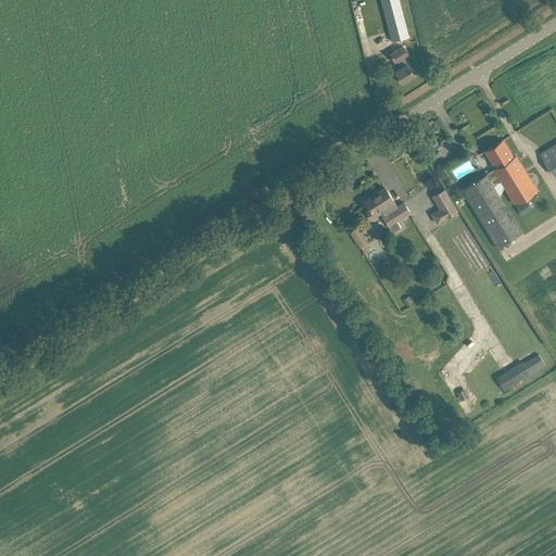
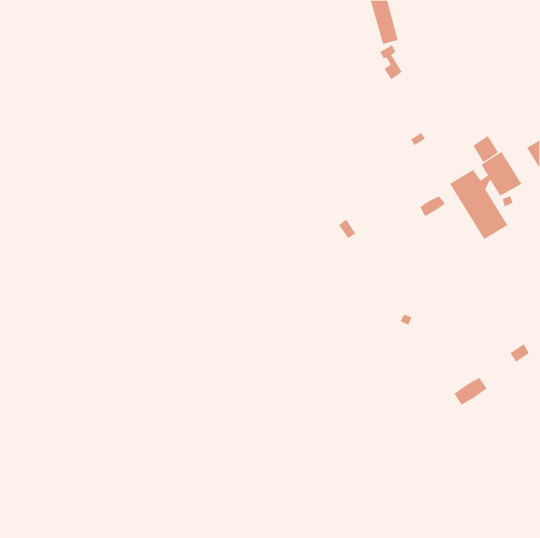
building: [365,189,410,233] -> none
building: [495,363,530,392] -> [454,377,487,406]

